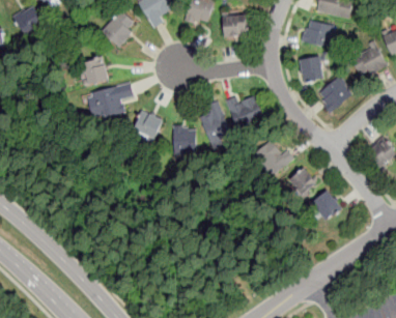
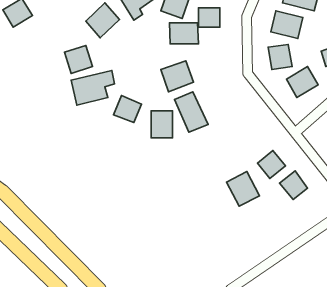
building: none -> [169,23,198,44]
building: [227,94,262,127] -> [161,61,194,92]
building: [255,138,290,175] -> [227,172,259,206]

